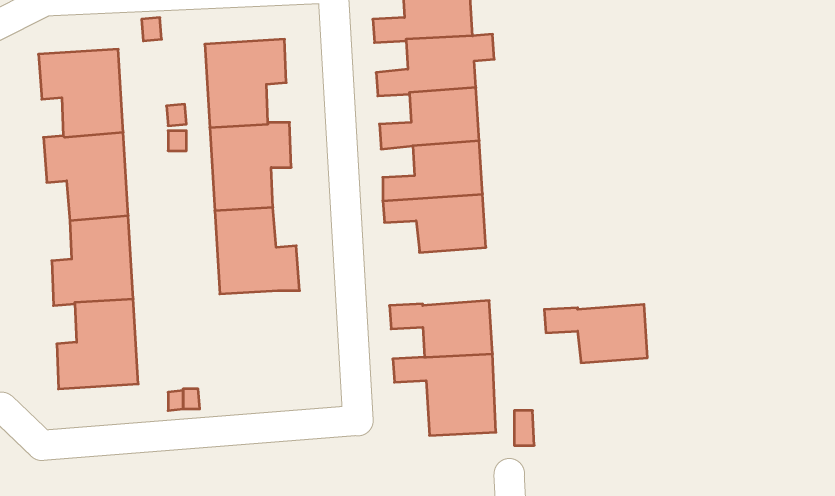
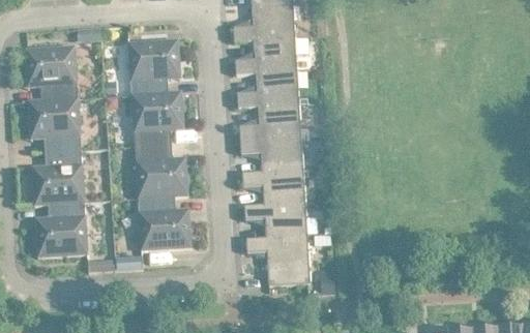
building: none -> [138,194,190,249]
building: [544,304,647,363] -> [241,168,305,204]

